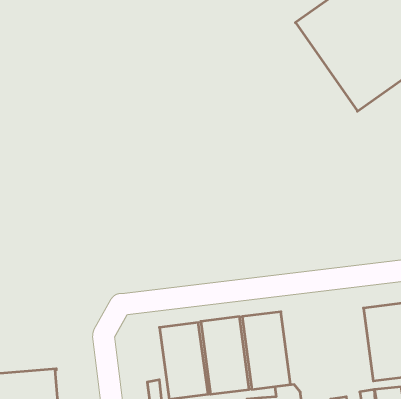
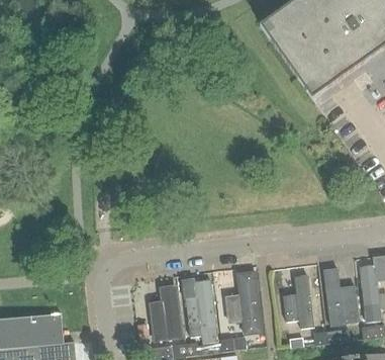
building: none -> [280,264,319,328]

